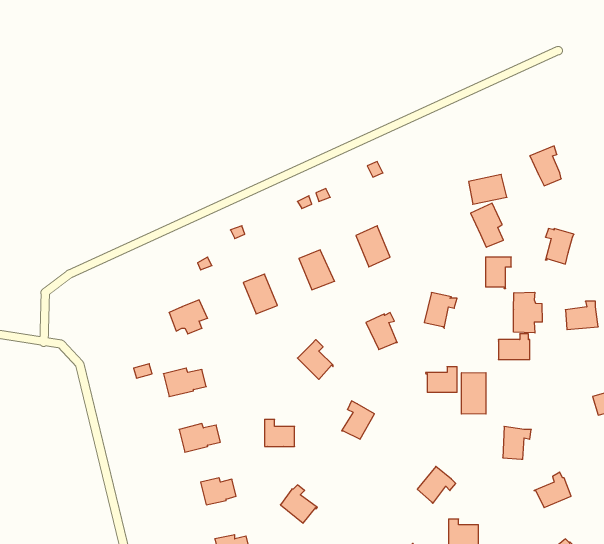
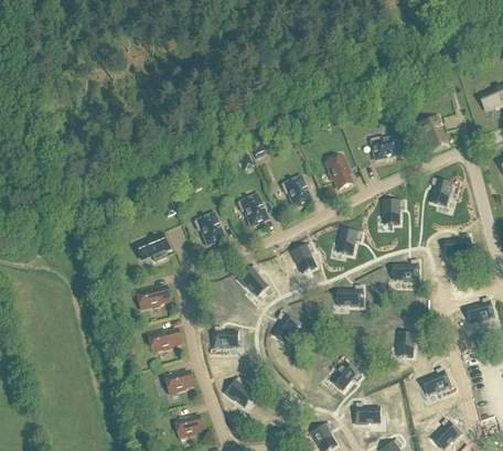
building: [471,203,503,247] -> [325,155,351,190]
building: [514,292,542,333] -> none
building: [462,373,486,414] -> none

